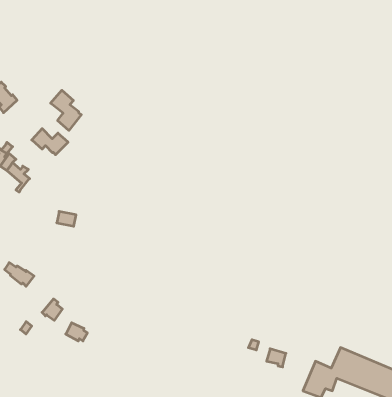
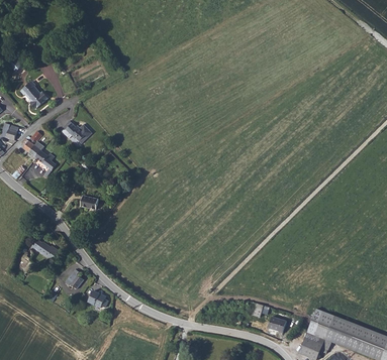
building: [51,90,81,130] -> none

